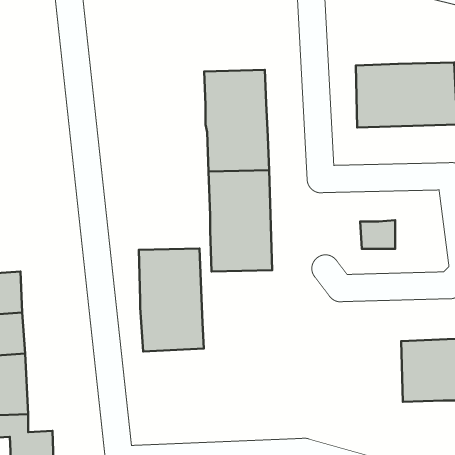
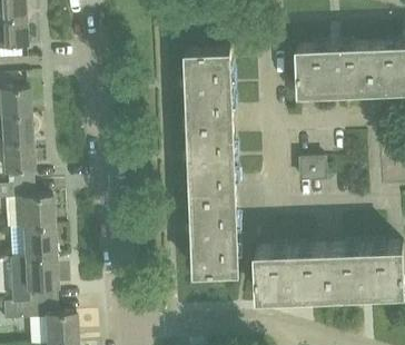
building: [139,248,204,352] -> [191,201,239,277]
building: none -> [256,254,332,300]

